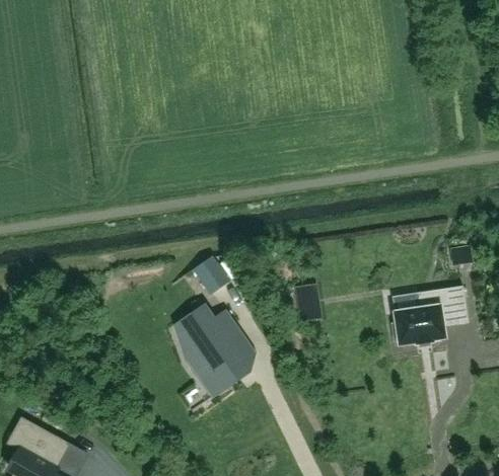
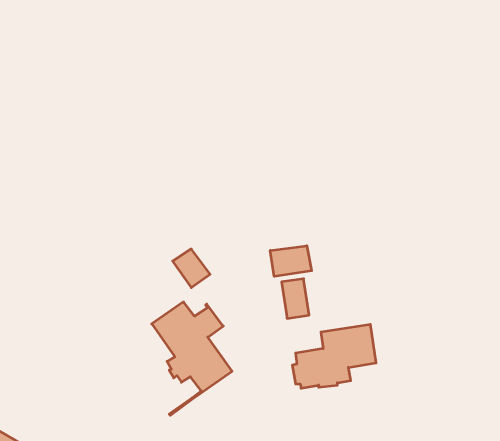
building: none -> [270,246,312,276]
building: [390,286,468,344] -> [292,324,376,388]

